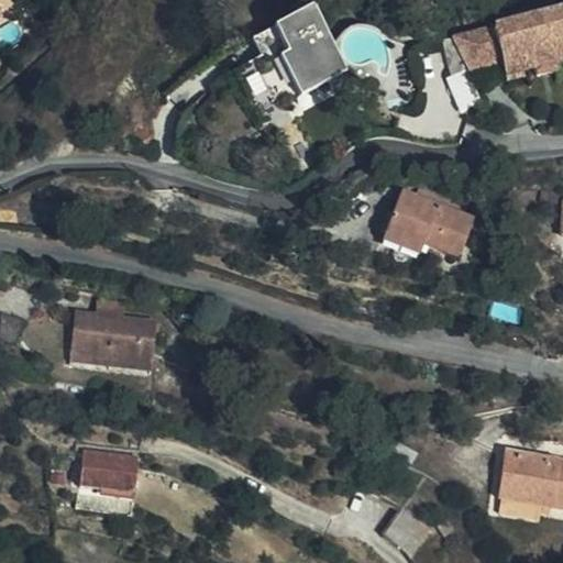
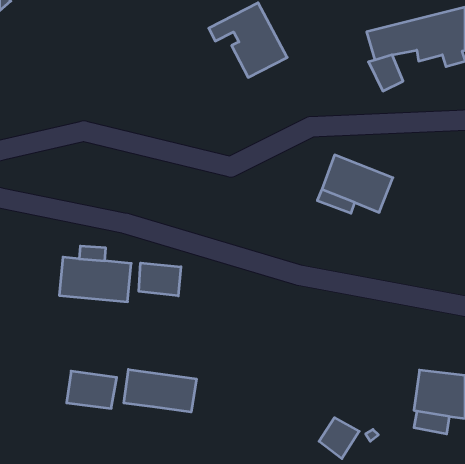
building: none -> [139,263,181,296]
building: none -> [124,369,196,412]

